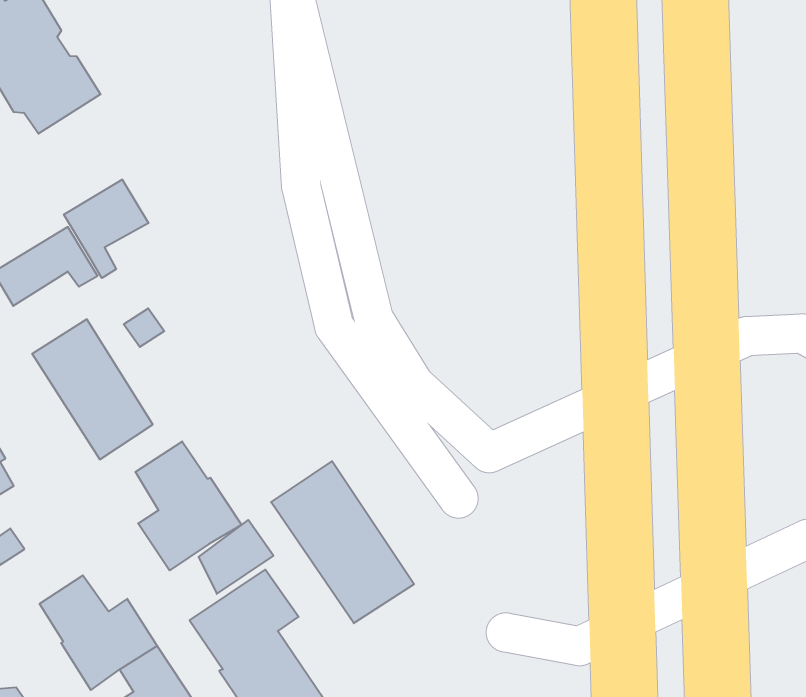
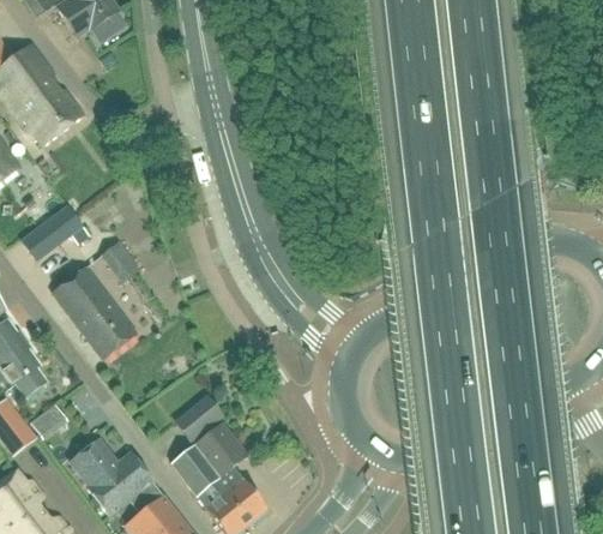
building: [64,179,149,278] -> none
building: [136,441,242,570] -> none
building: [271,461,414,623] -> none

